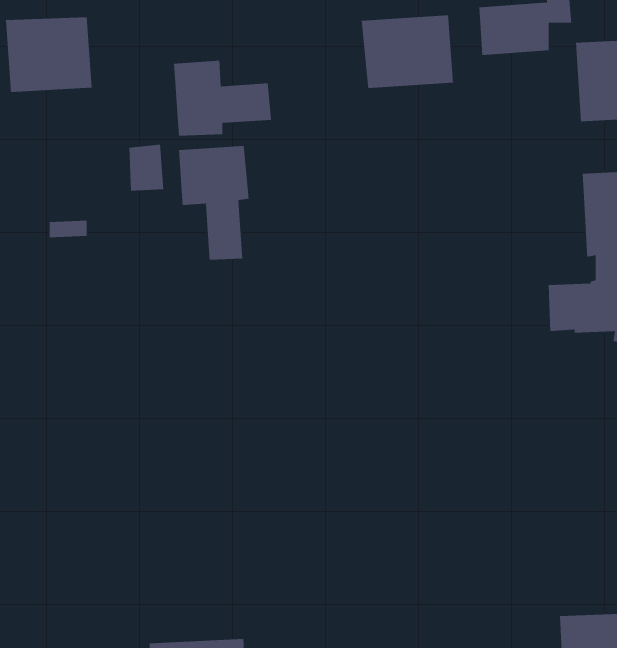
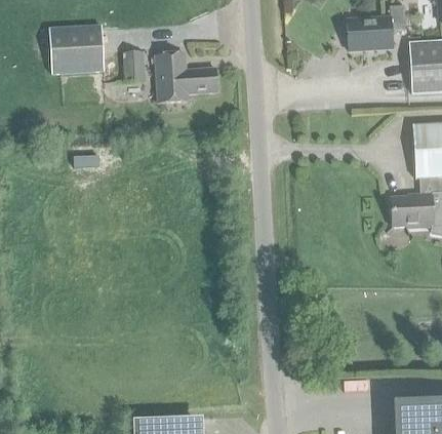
building: [361,15,453,89] -> none
building: [129,144,164,191] -> [122,51,145,81]
building: [179,145,249,260] -> none

